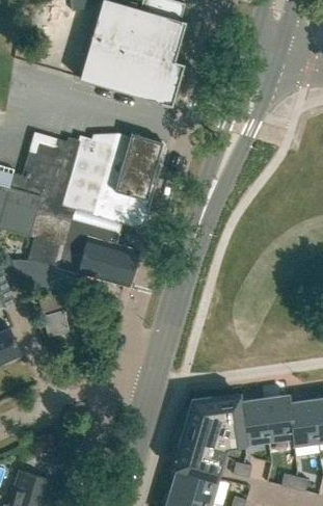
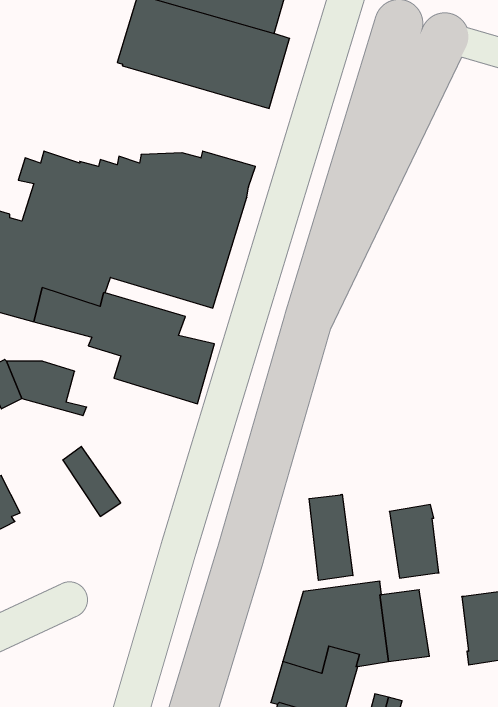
building: none -> [309,494,353,580]
building: [263,395,293,440] -> [389,505,439,578]

